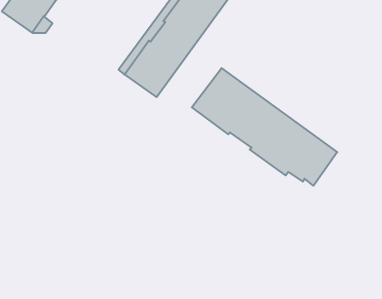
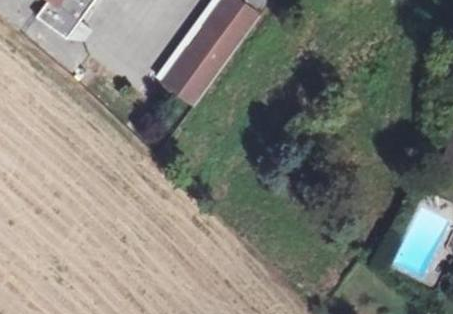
building: [192,68,337,186] -> none

